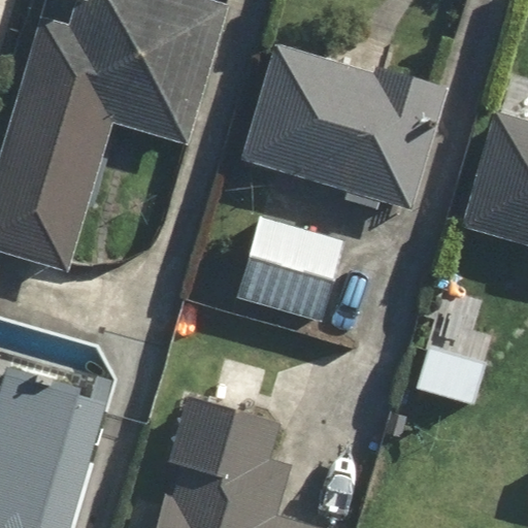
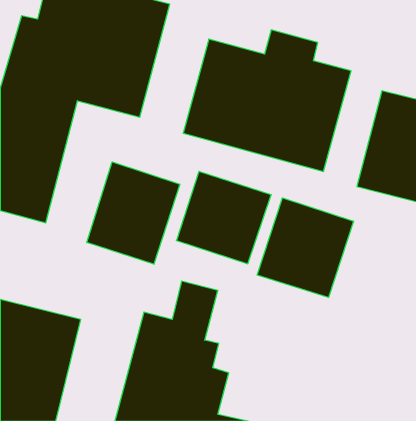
building: none -> [87,162,180,264]
building: none -> [257,198,353,297]

